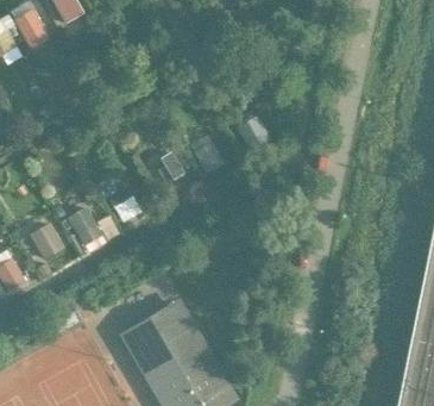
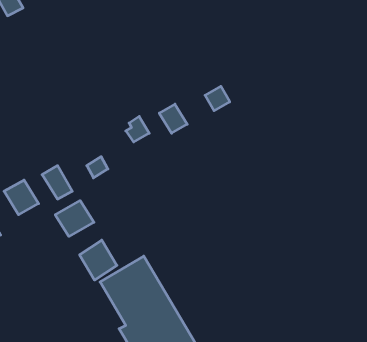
building: none -> [55,201,94,236]
building: none -> [80,240,117,280]

